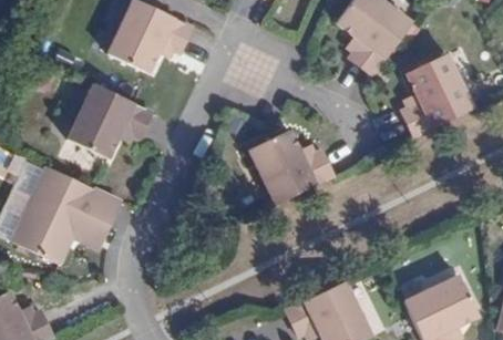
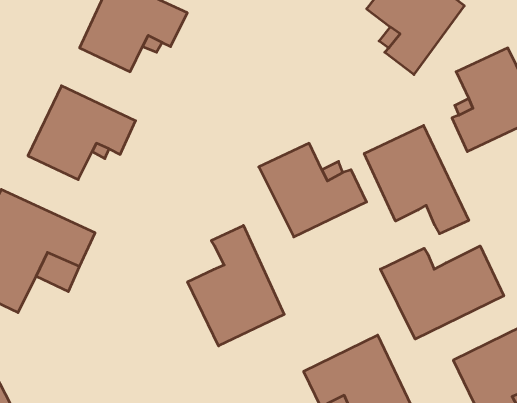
building: none -> [364,125,469,234]
building: none -> [188,225,284,346]
building: none -> [380,246,504,339]

